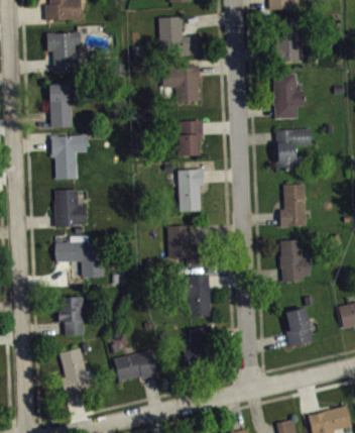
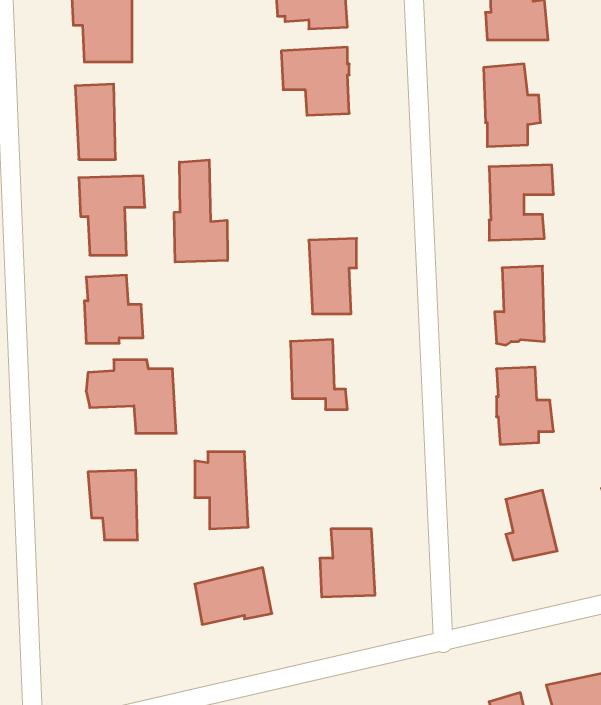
building: [176,120,202,155] -> none
building: none -> [174,160,227,262]
building: [181,274,210,316] -> [195,452,248,529]
building: [58,347,93,395] -> none

